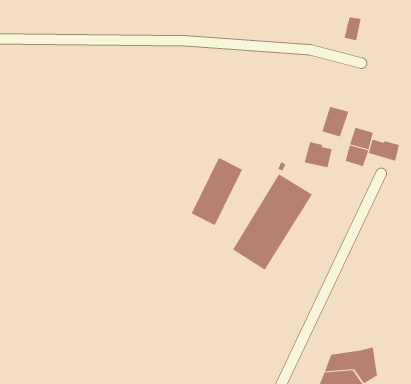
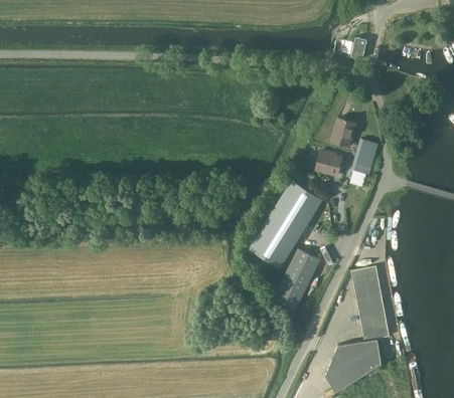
building: [368,139,399,161] -> none
building: [191,157,243,226] -> [273,248,320,311]
building: none -> [351,265,390,341]

